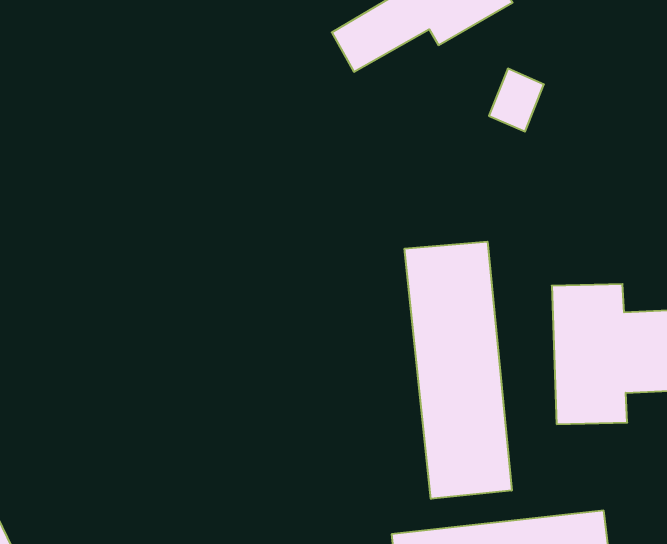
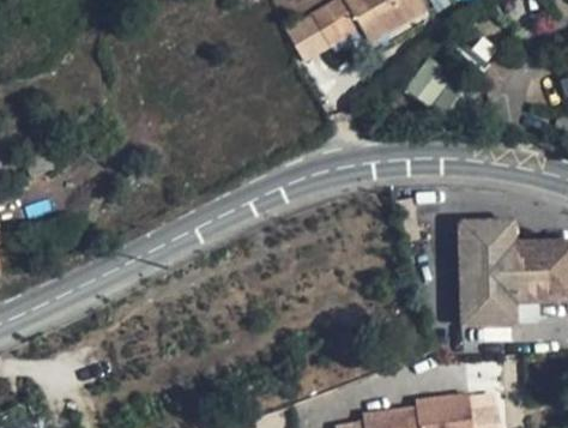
building: [405,242,512,499] -> none

